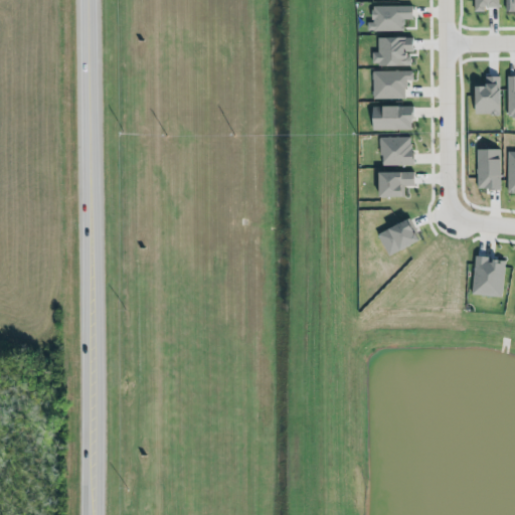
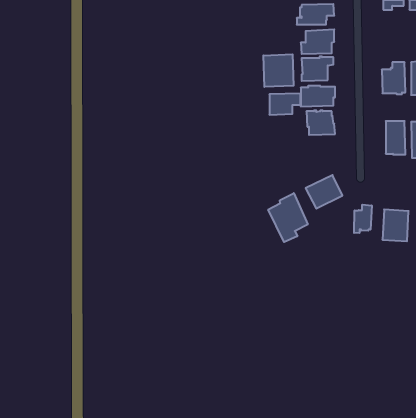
building: none -> [263,54,294,87]
building: [376,171,414,197] -> [269,93,301,115]
building: none -> [268,193,308,242]
building: none -> [354,205,372,233]

